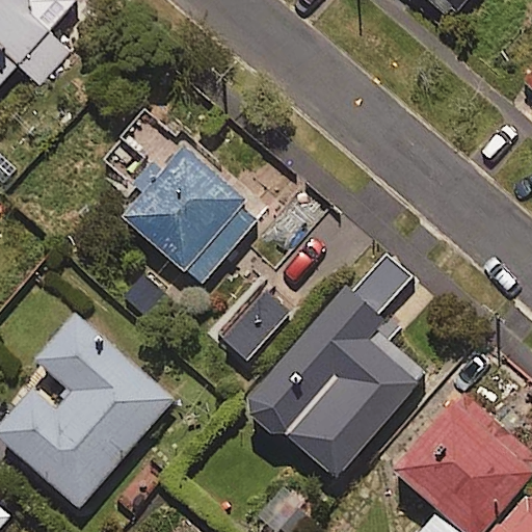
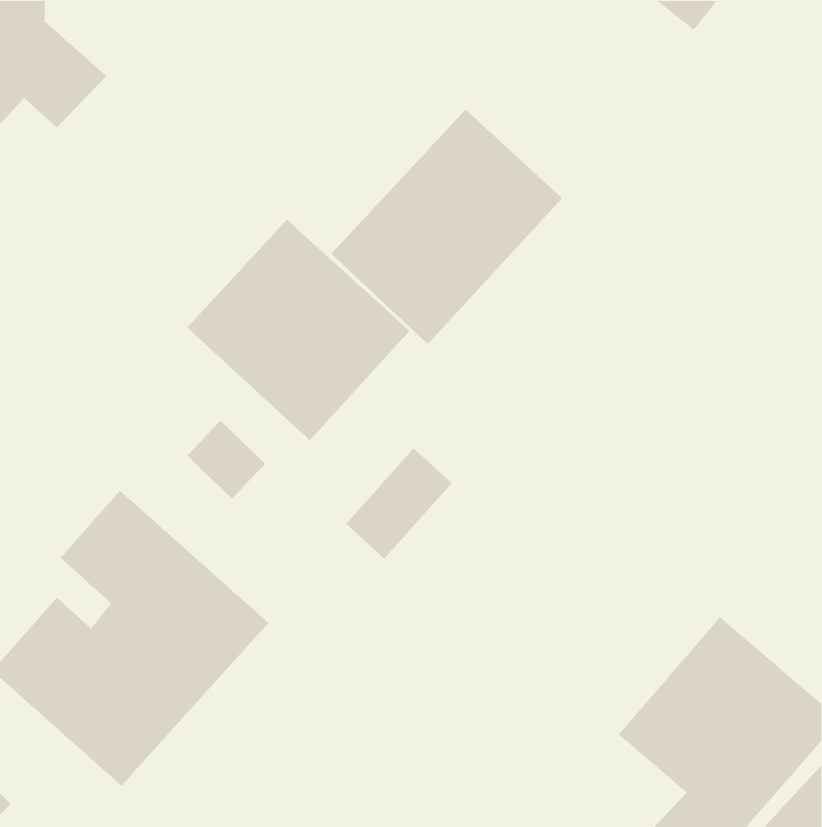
building: none -> [330,109,563,345]
building: [245,255,426,480] -> none

